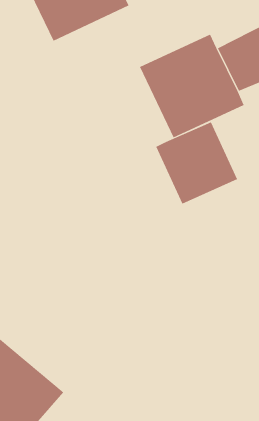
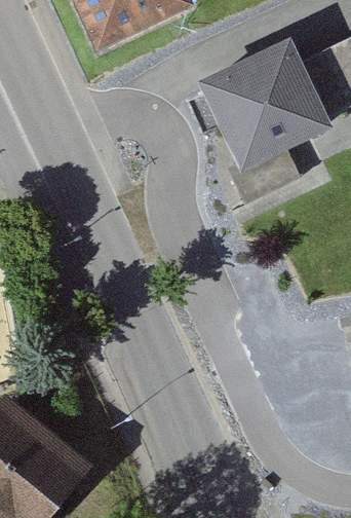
building: [155,121,238,205] -> none

